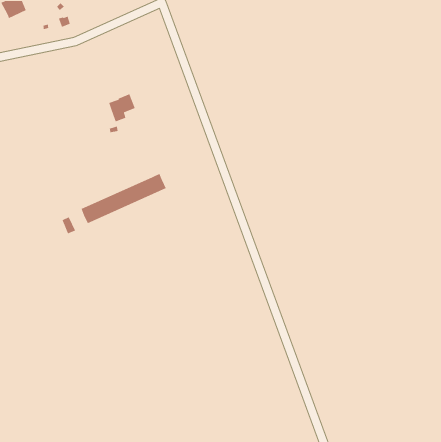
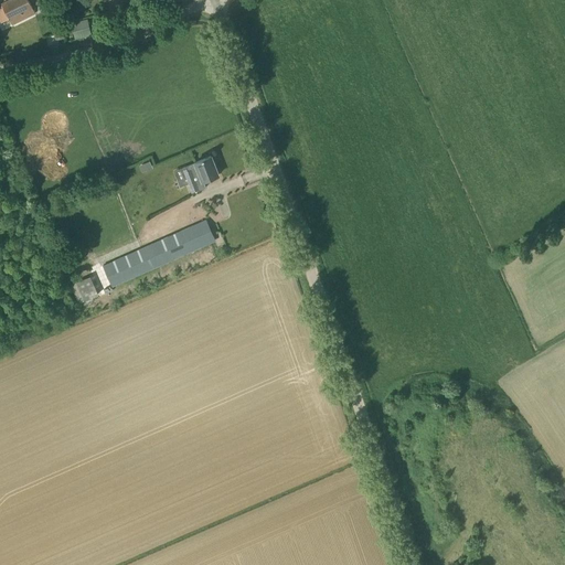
building: [108,93,136,122] -> [182,156,217,193]

